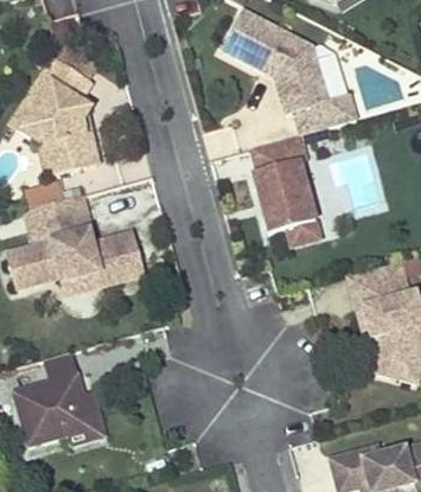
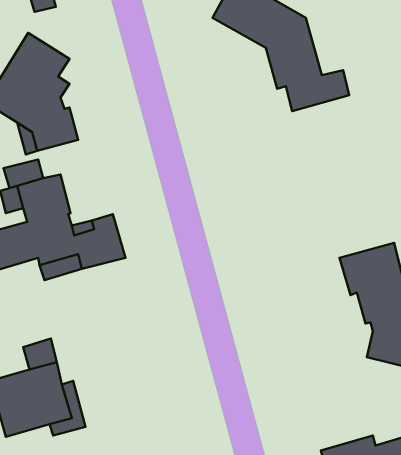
building: [251,135,315,234] -> none

